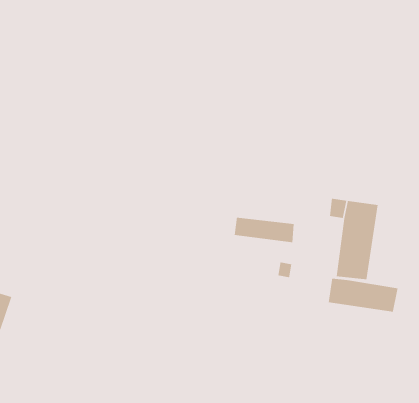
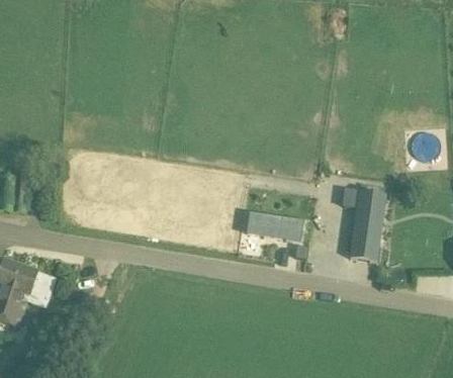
building: [328,278,398,312] -> none

